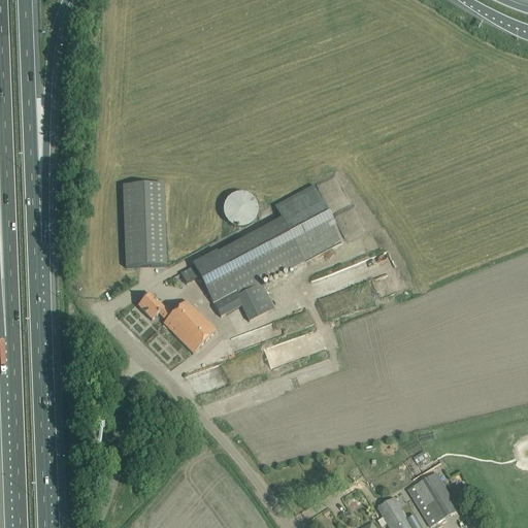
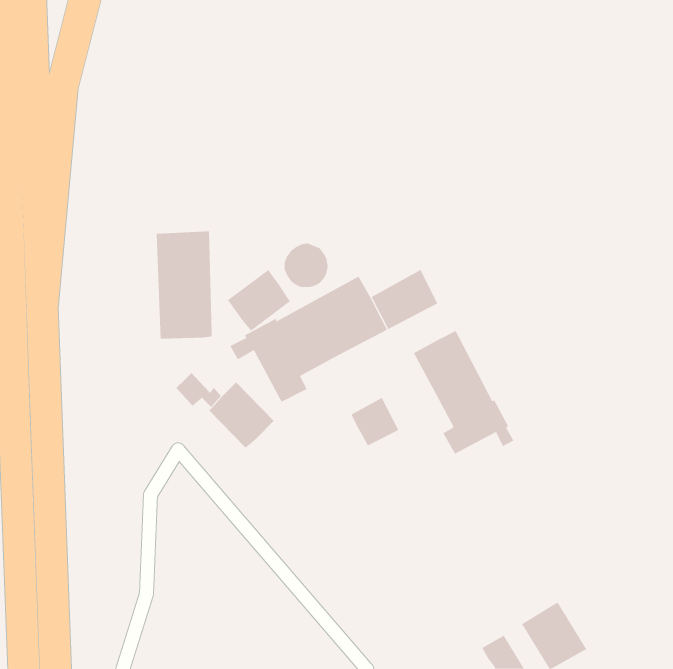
building: [274,183,329,232] -> none
building: none -> [227,269,291,331]
building: none -> [413,330,514,455]
building: [235,280,273,319] -> [351,397,399,446]

